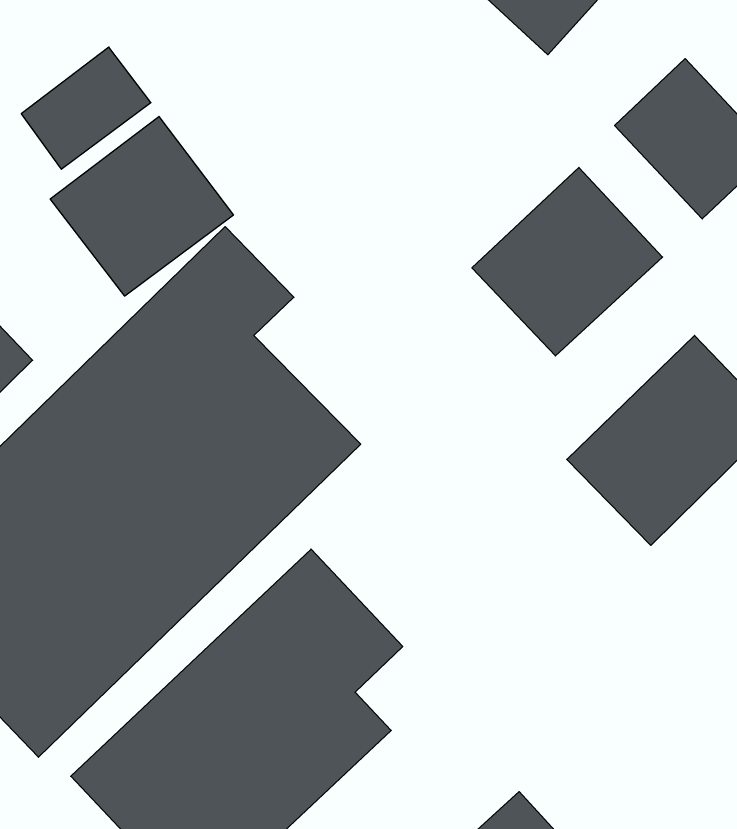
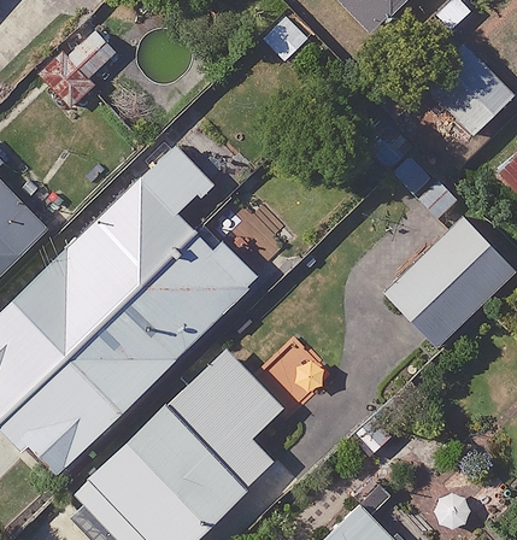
building: [50,116,233,296] -> none
building: [472,167,663,356] -> none

